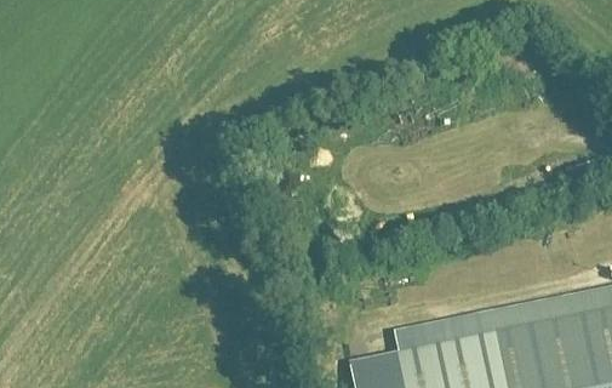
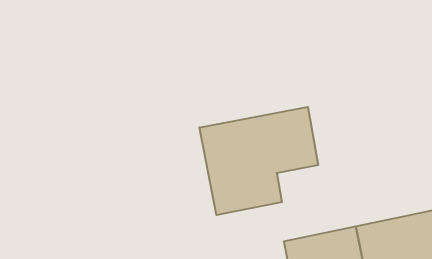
building: none -> [199,107,318,215]

